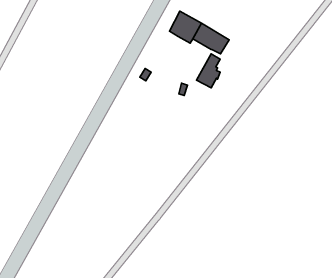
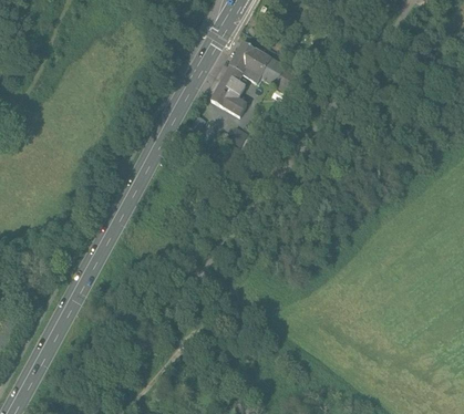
building: [197,54,220,88] -> [212,65,241,108]

